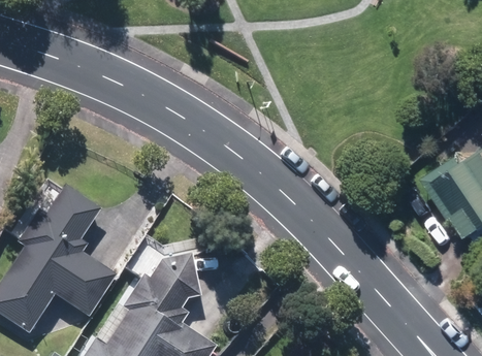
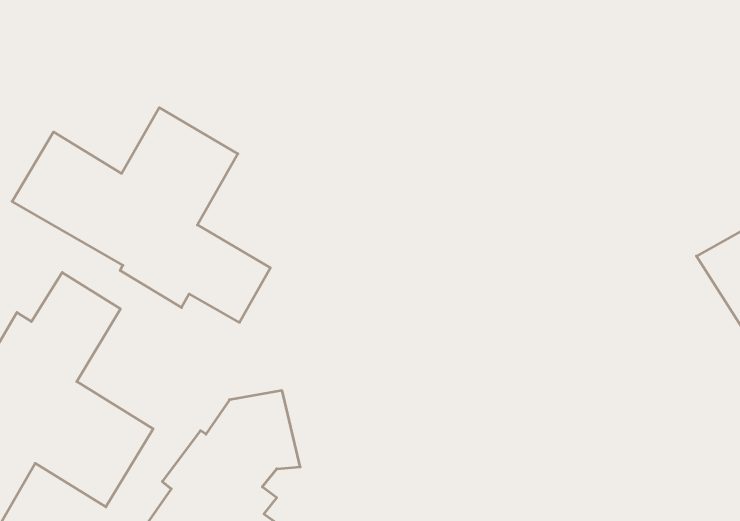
building: none -> [12,108,270,322]

